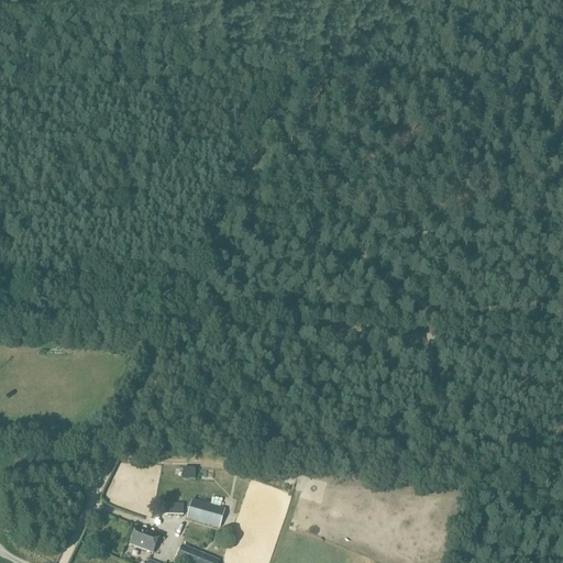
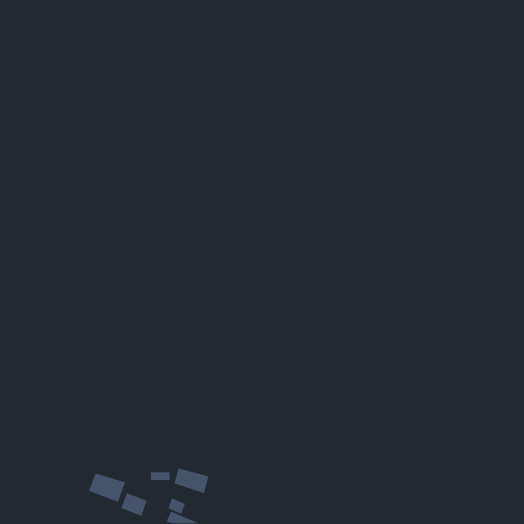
building: none -> [88,473,126,503]

